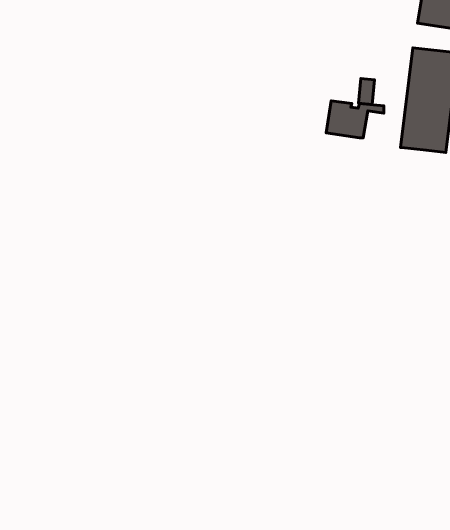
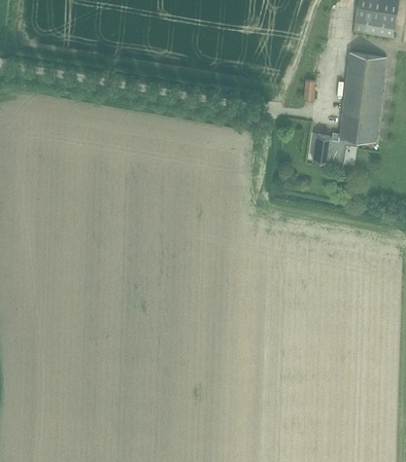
building: [326,101,384,138] -> [311,134,360,165]

